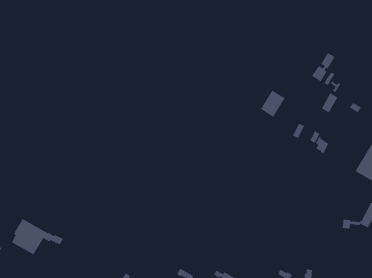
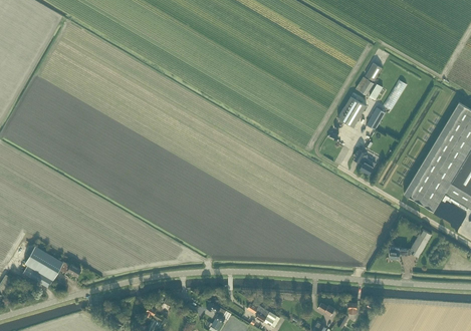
building: [260,90,285,118] -> [338,96,367,127]

